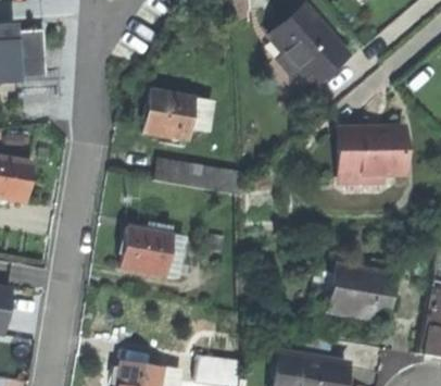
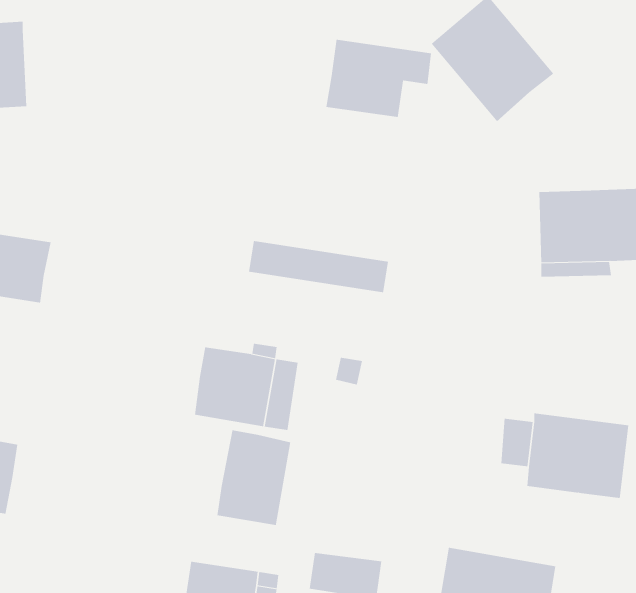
building: [15,28,46,77] -> none
building: [143,90,210,139] -> [326,39,432,118]
building: none -> [217,430,291,526]

